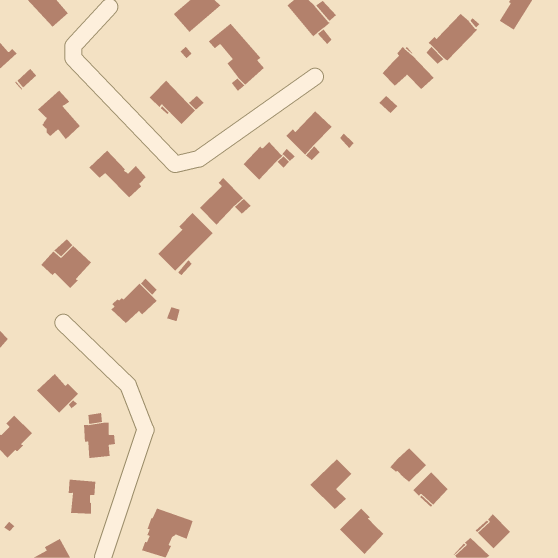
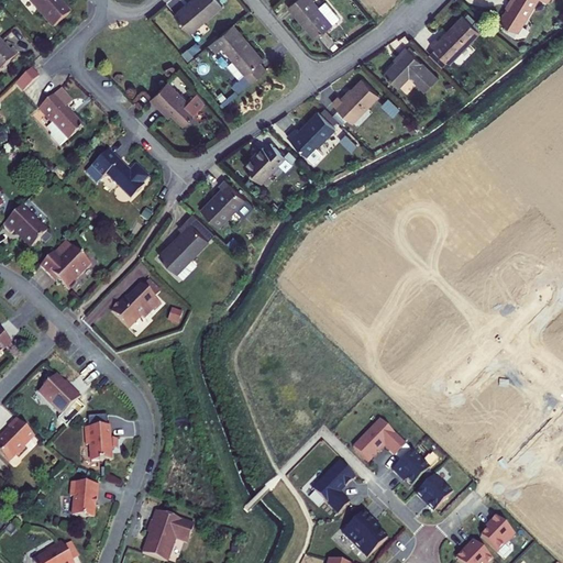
building: none -> [331,78,378,121]
building: none -> [4,206,47,247]
building: none -> [352,419,405,461]

